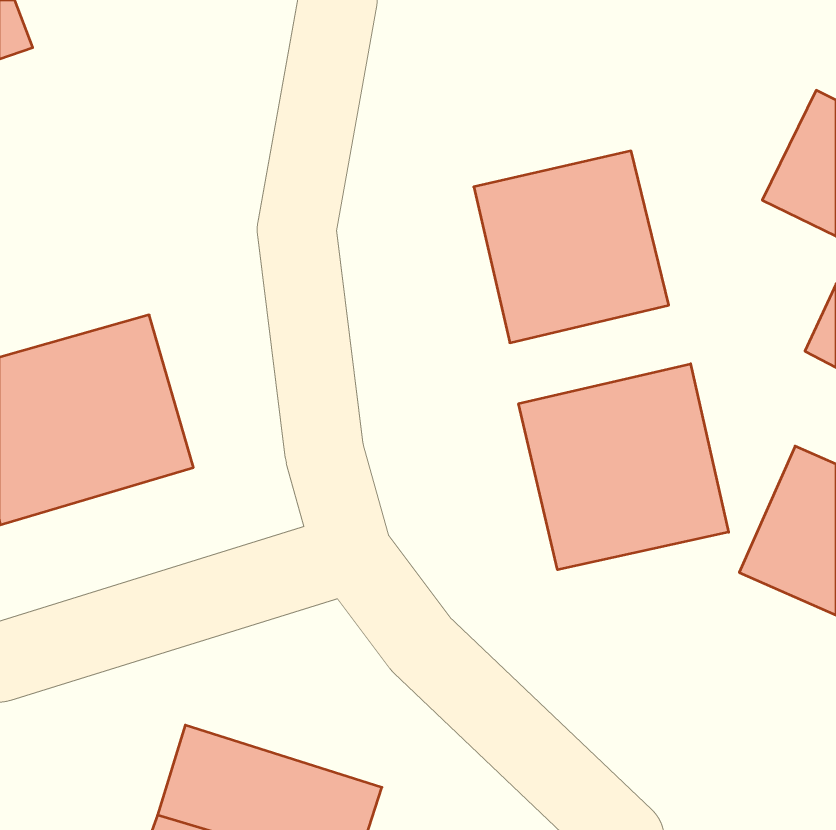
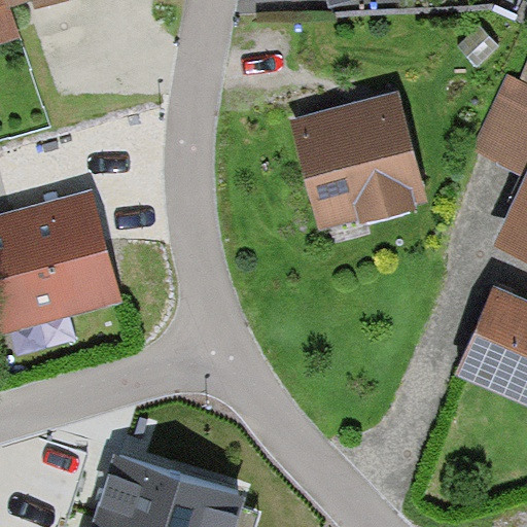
building: [519,364,729,570] -> none

